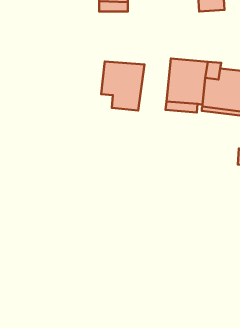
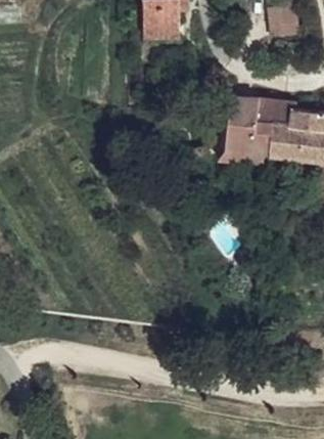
building: [101,61,144,111] -> none

